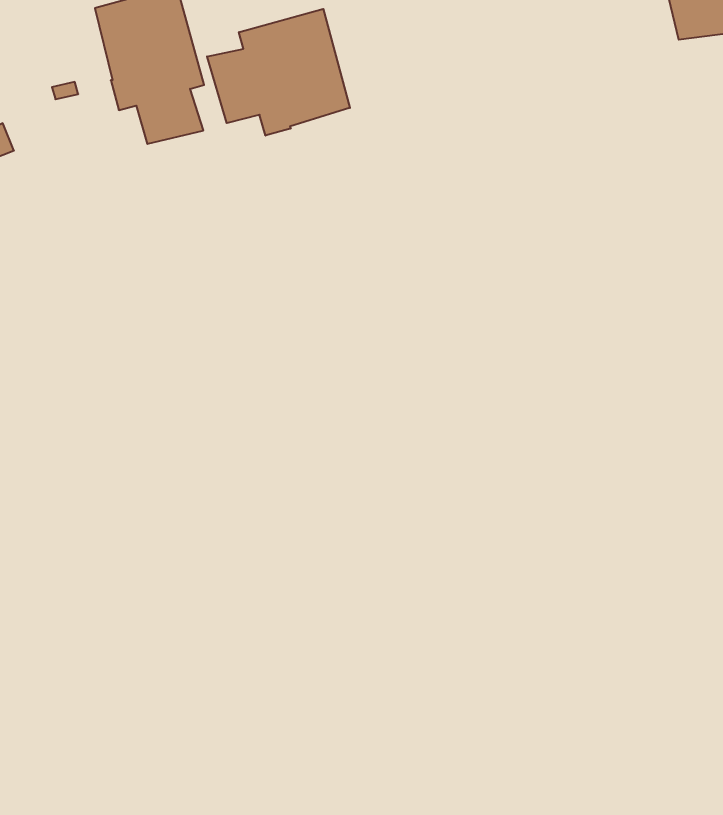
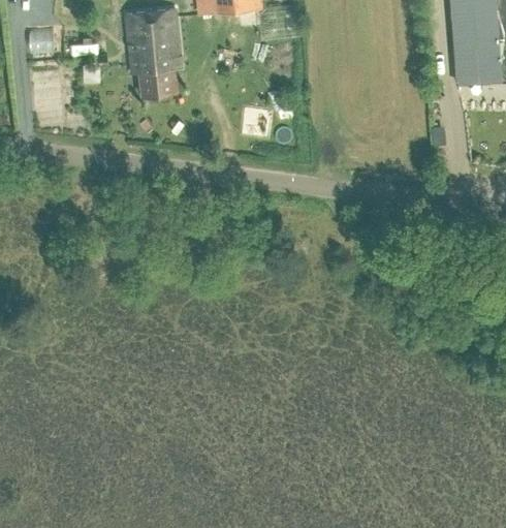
building: [207,9,350,136] -> none

